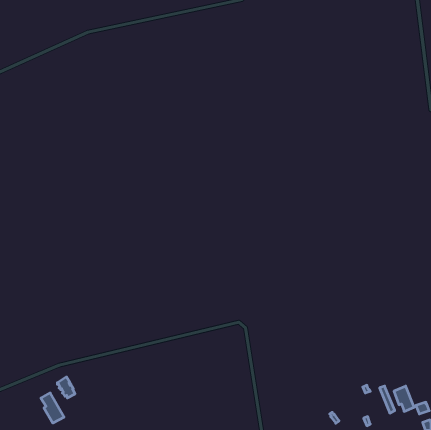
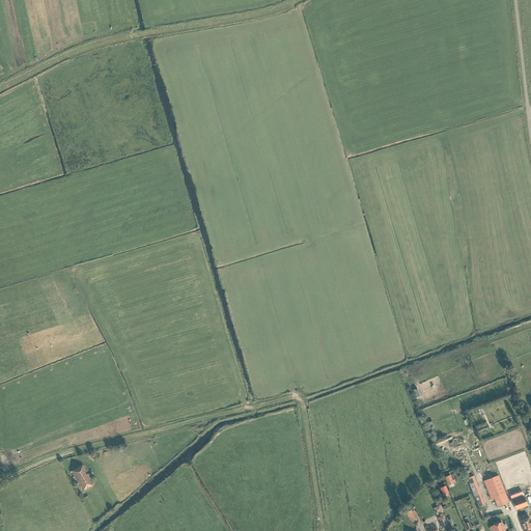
building: [41,393,64,423] -> none

